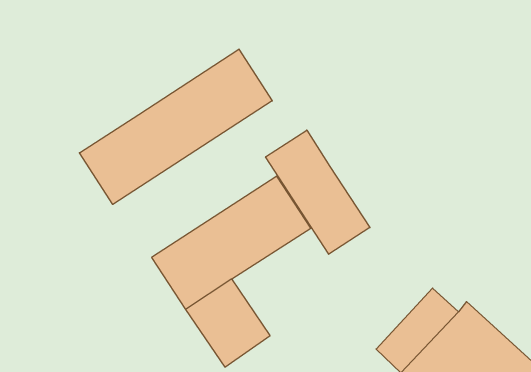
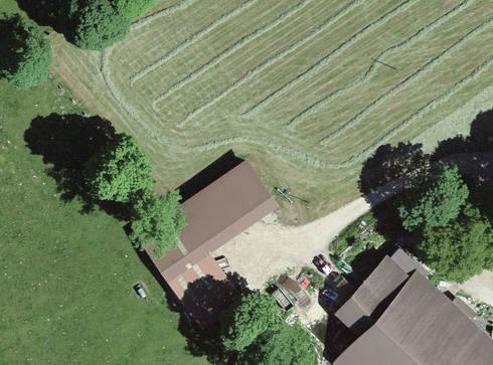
building: [79,49,272,204] -> none
building: [266,130,370,254] -> none

